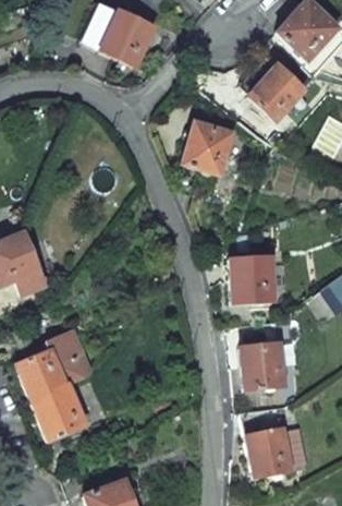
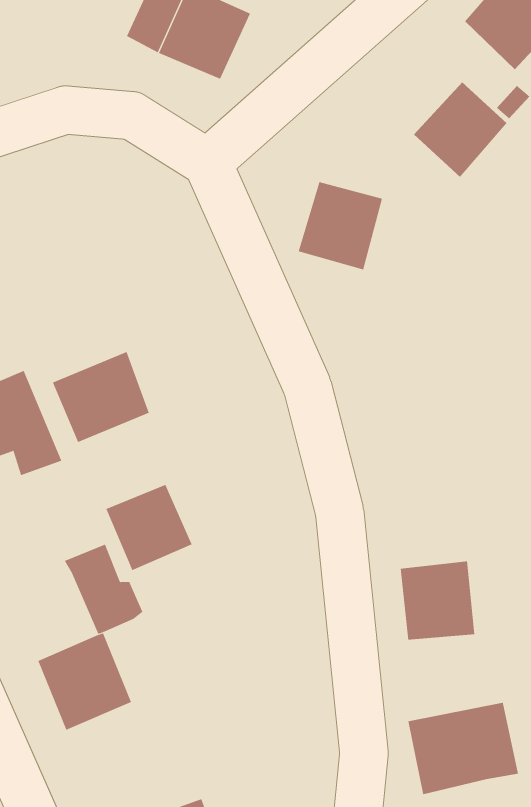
building: none -> [52,351,150,443]
building: [230,255,274,302] -> none
building: [16,349,66,399] -> [106,484,192,571]

